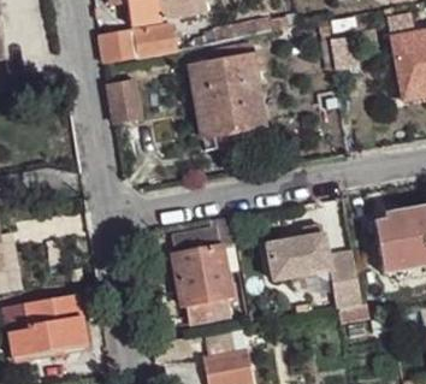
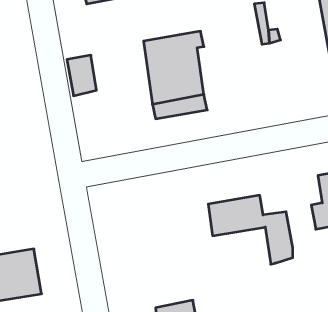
building: [101,25,178,65] -> none
building: [173,230,235,329] -> none

